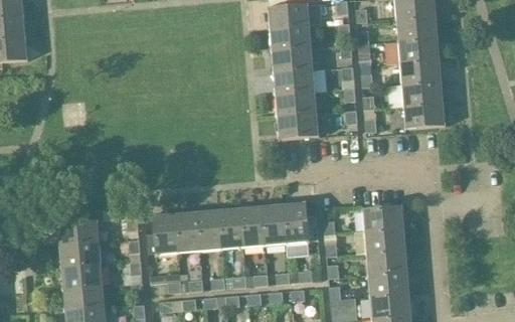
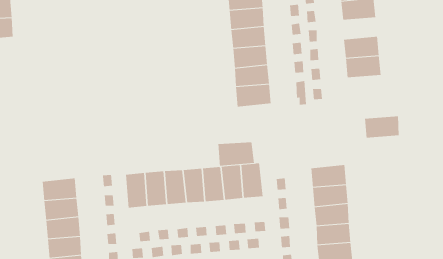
building: [398,37,439,62] -> none
building: [403,103,444,128] -> [364,116,400,138]
building: none -> [218,142,254,167]

